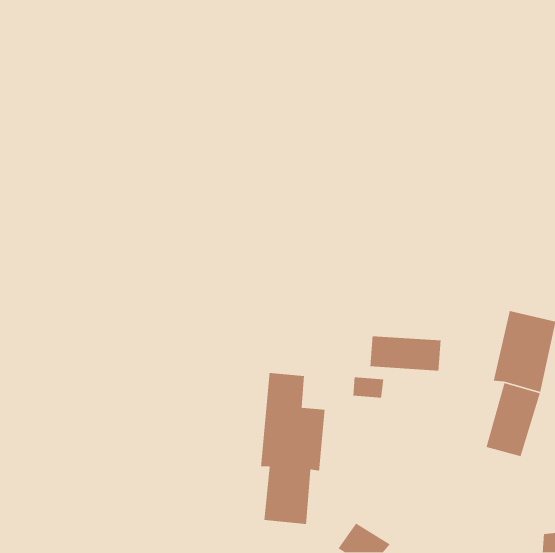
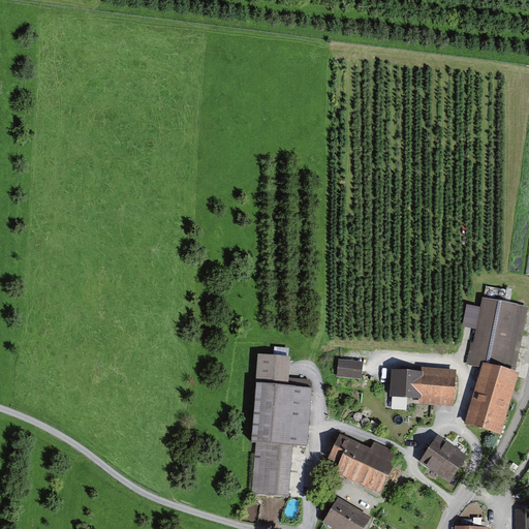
building: [370,335,441,371] -> [388,368,457,402]
building: none -> [325,424,404,496]
building: none -> [422,437,468,481]

